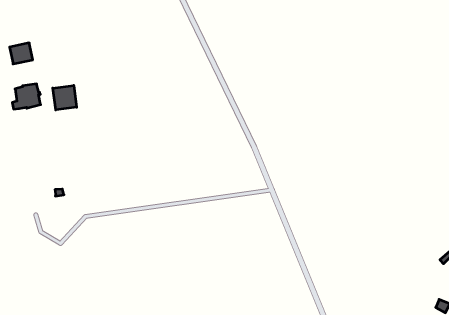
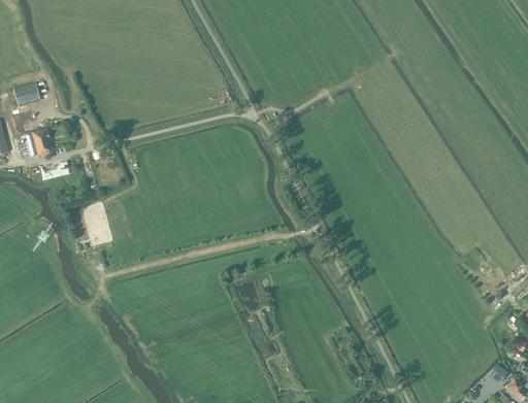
building: [53,85,77,110] -> none

